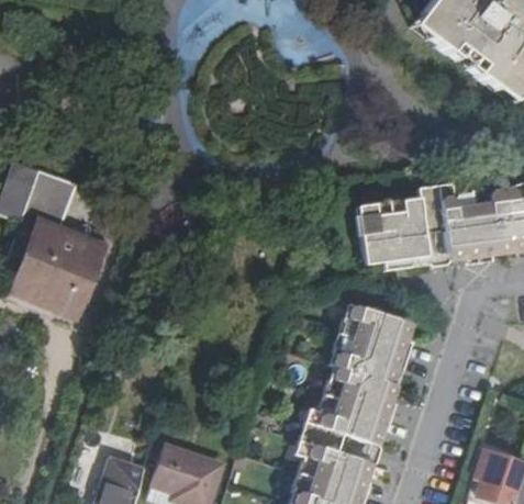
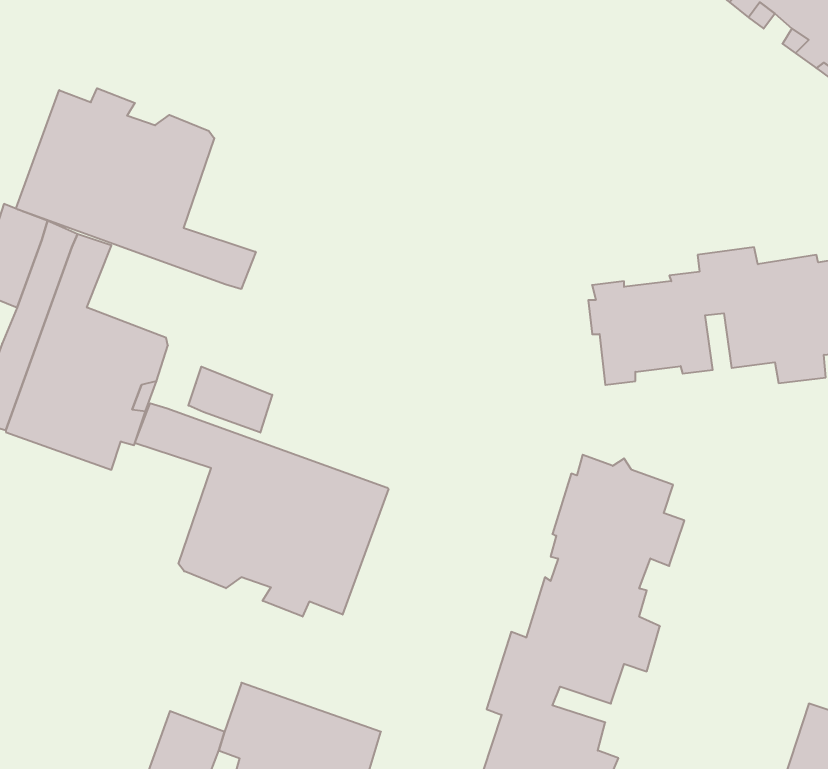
building: none -> [16,88,256,289]
building: none -> [188,367,272,433]
building: none -> [135,403,388,617]

